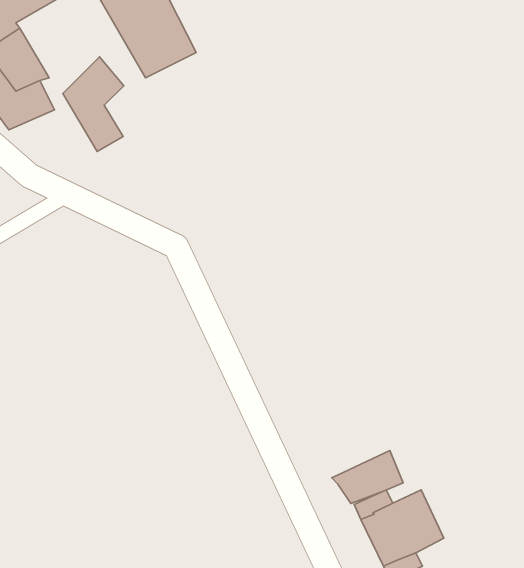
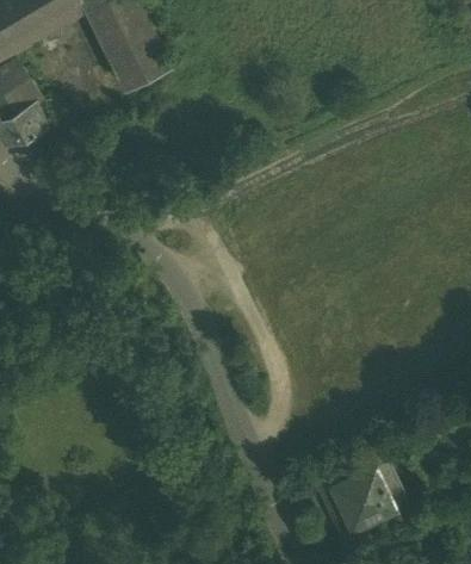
building: [63,57,124,151] -> none
building: [332,451,403,504] -> none

